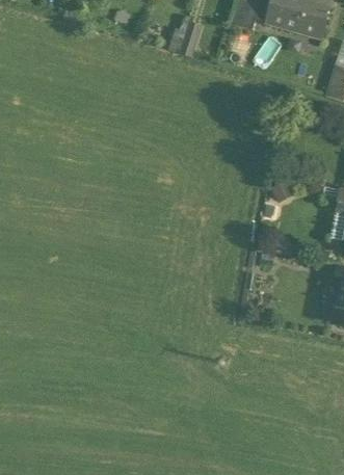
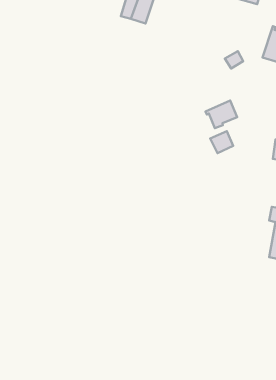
building: none -> [205,100,237,128]

